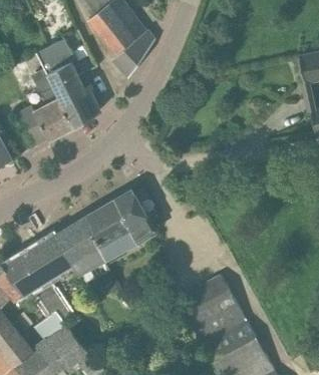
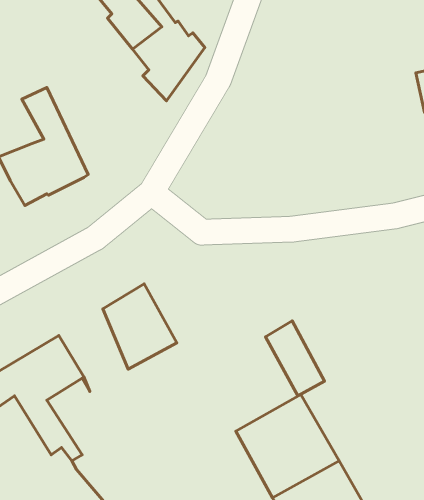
building: [40,39,100,126] -> none
building: [114,190,154,241] -> [265,321,324,396]
building: [56,218,103,274] -> none

